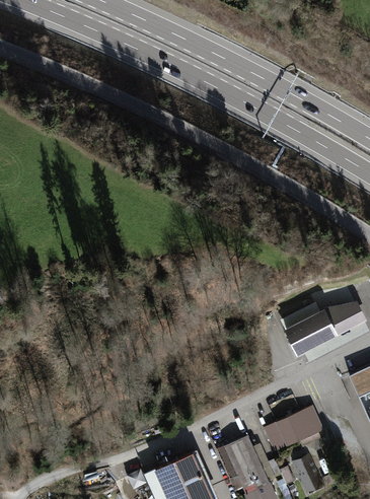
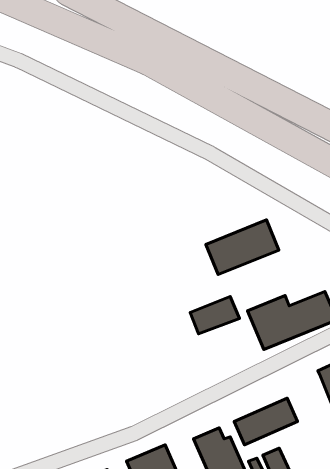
building: none -> [206,220,279,274]
building: none -> [190,296,240,334]

